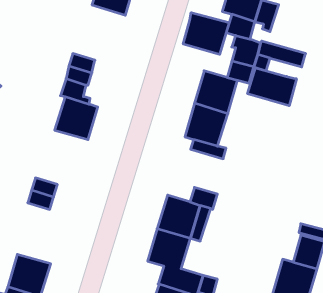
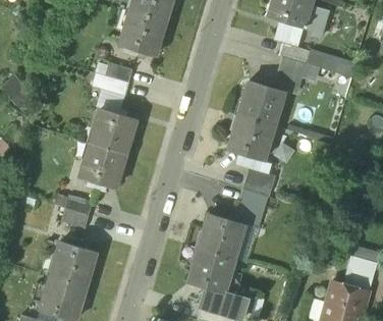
building: none -> [119,10,165,56]
building: [183,13,229,54] -> none
building: [248,68,296,106] -> none
building: none -> [79,144,125,189]
building: none -> [238,170,273,212]
building: none -> [50,240,96,286]

